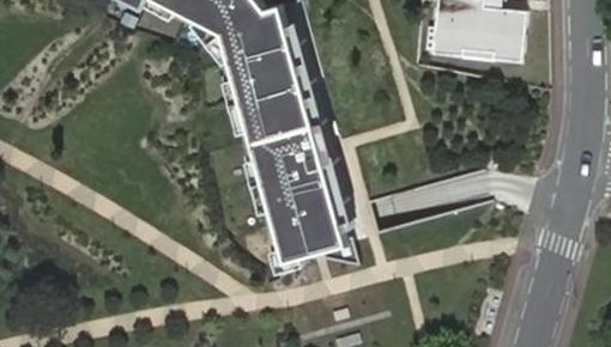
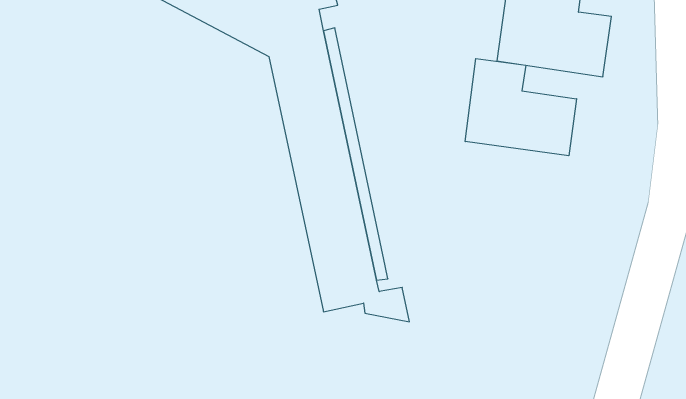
building: none -> [465,59,577,156]

